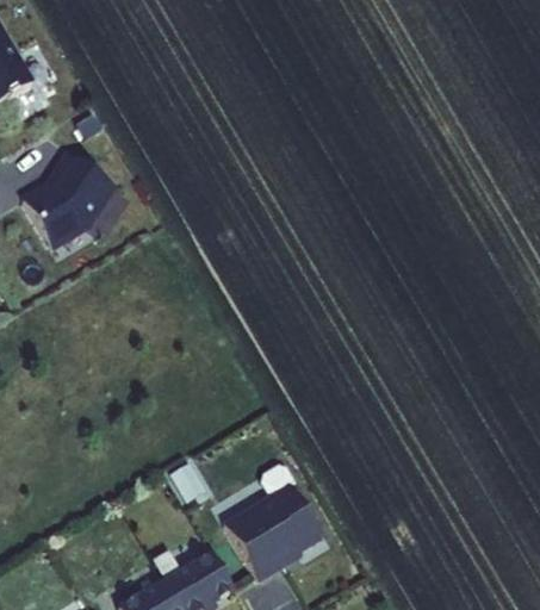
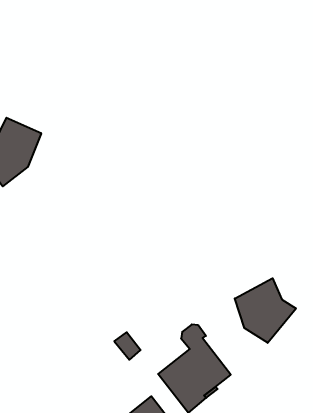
building: none -> [235,278,296,343]

